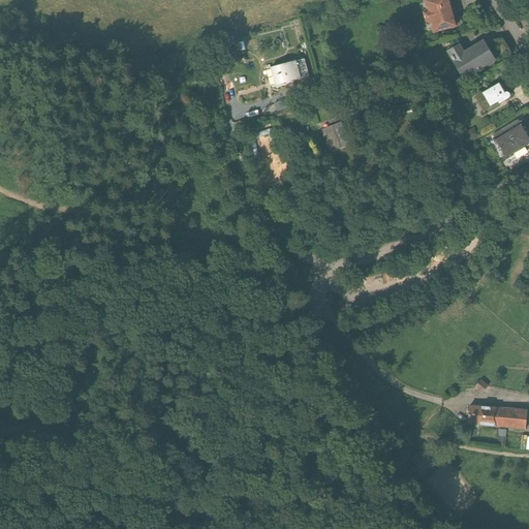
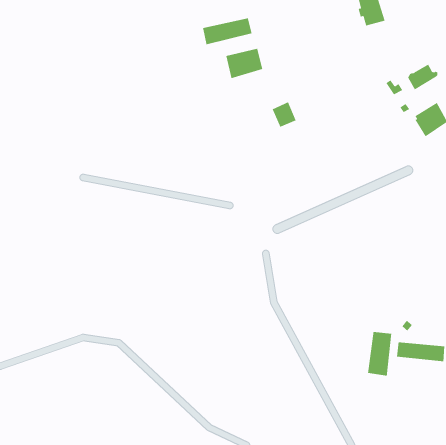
building: none -> [203,17,252,45]
building: [446,38,496,79] -> none
building: none -> [368,331,392,376]

